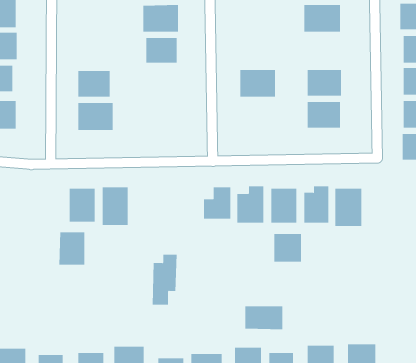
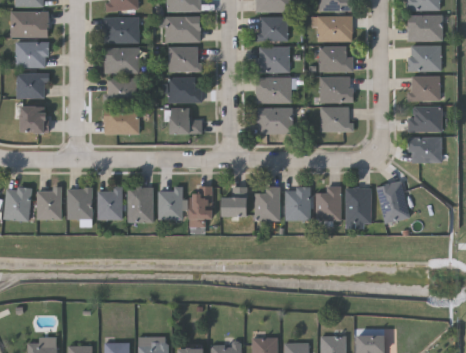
building: none -> [103,17,139,43]
building: none -> [257,17,288,41]
building: none -> [319,46,352,71]
building: none -> [257,47,289,73]
building: none -> [105,48,139,73]
building: none -> [169,77,201,103]
building: none -> [171,108,202,134]
building: none -> [257,108,292,134]
building: none -> [377,182,409,223]
building: none -> [37,188,62,220]
building: none -> [158,188,183,220]
building: [58,232,85,265] -> [67,188,92,219]
building: [274,233,301,263] -> none
building: [152,254,177,305] -> [190,186,214,234]
building: [245,305,283,330] -> none

